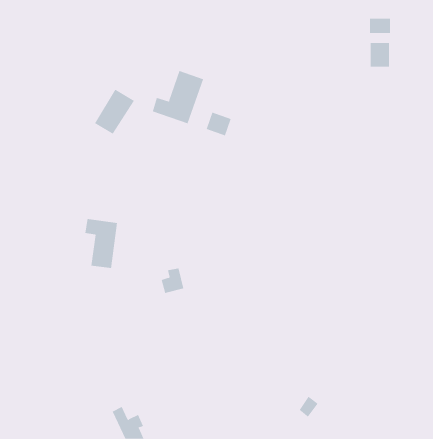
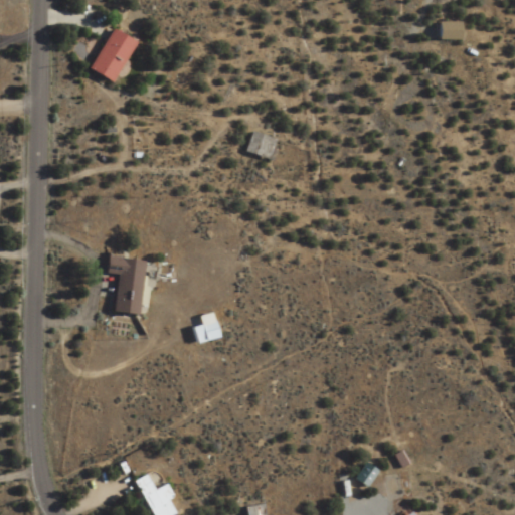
building: [370,42,390,67] -> none
building: [152,70,204,124] -> none
building: [94,89,135,135] -> [91,28,138,81]

